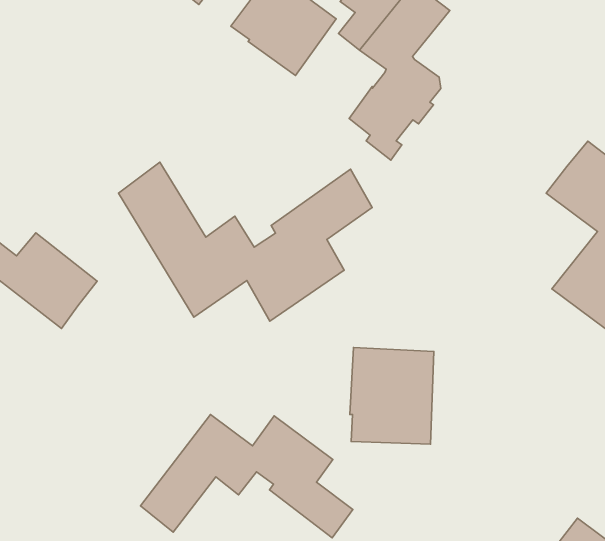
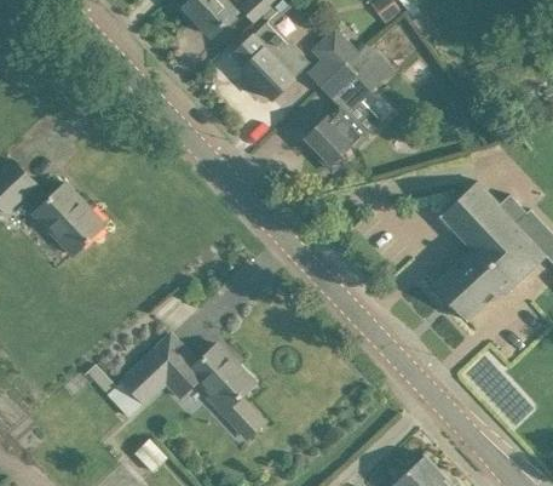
building: [118,162,372,321] -> none
building: [350,347,434,444] -> none

